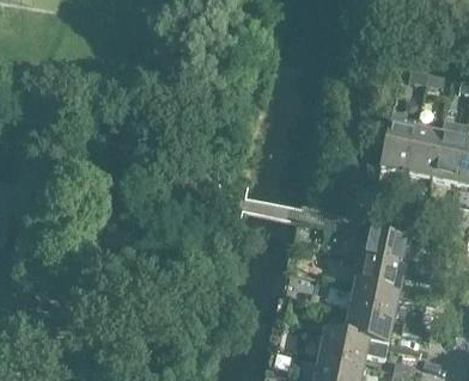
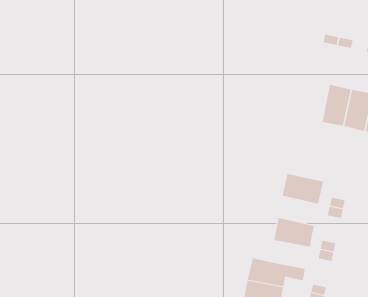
building: [380,121,415,170] -> none
building: [355,256,403,290] -> none
building: [345,307,394,340] -> none

